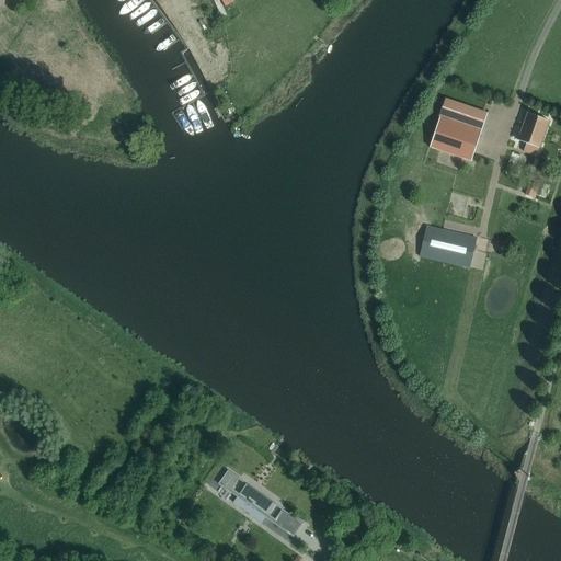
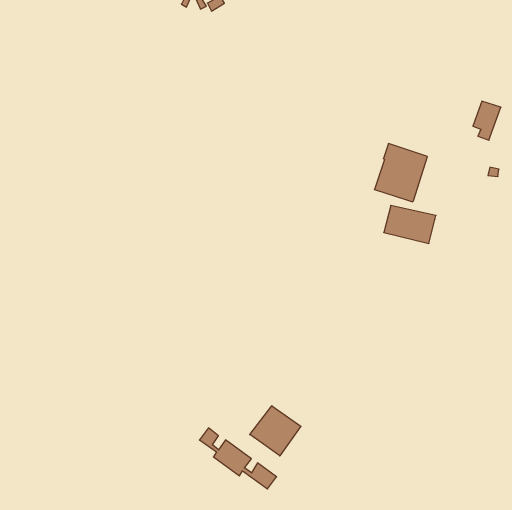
building: [428,96,486,160] -> [374,144,427,202]
building: none -> [250,406,301,456]

